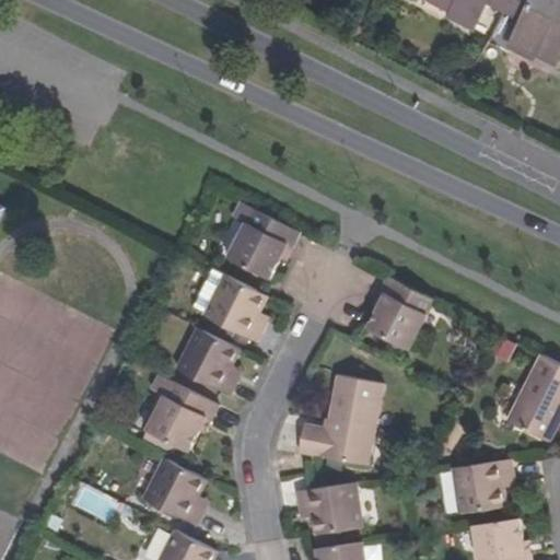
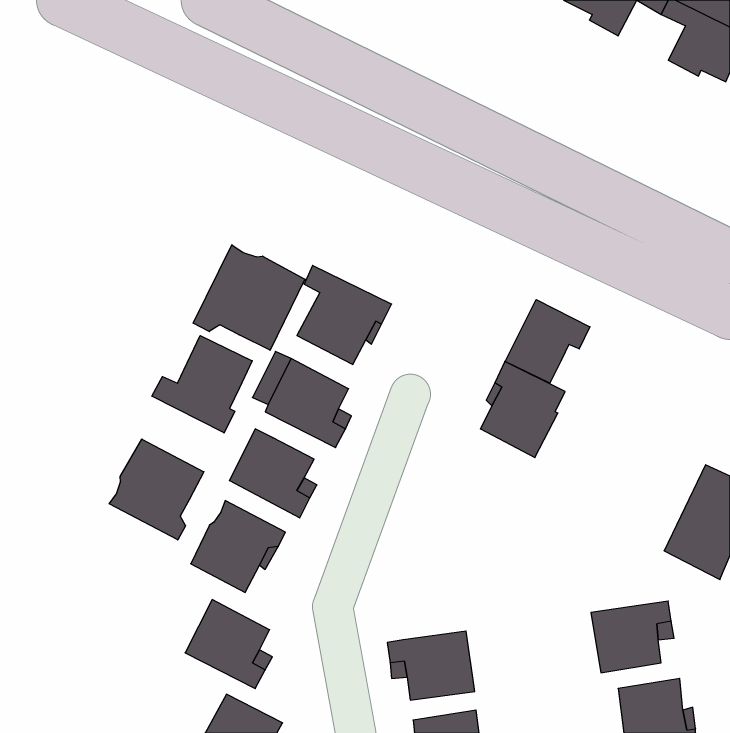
building: none -> [193,245,305,350]
building: none -> [505,300,590,383]
building: none -> [152,336,252,433]
building: none -> [109,439,204,540]
building: [298,373,382,465] -> none

